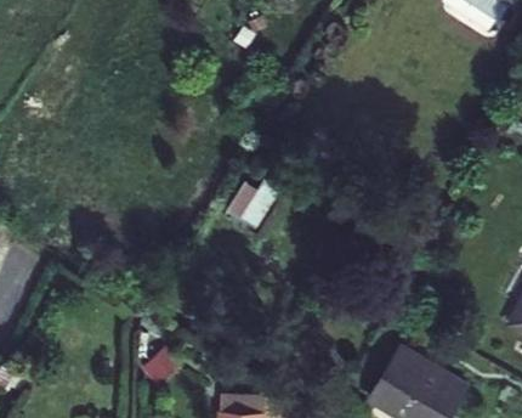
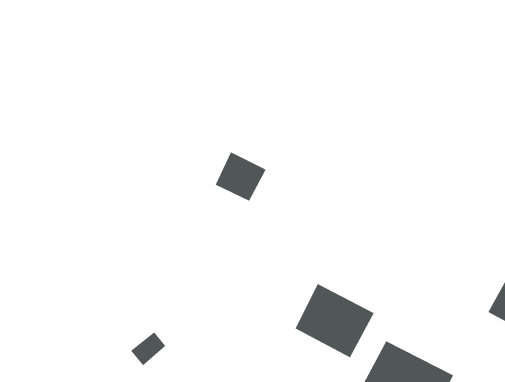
building: none -> [295,283,375,358]

